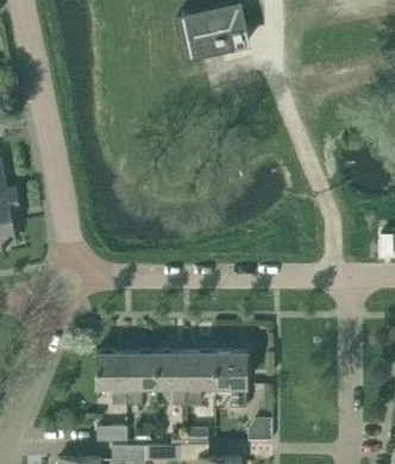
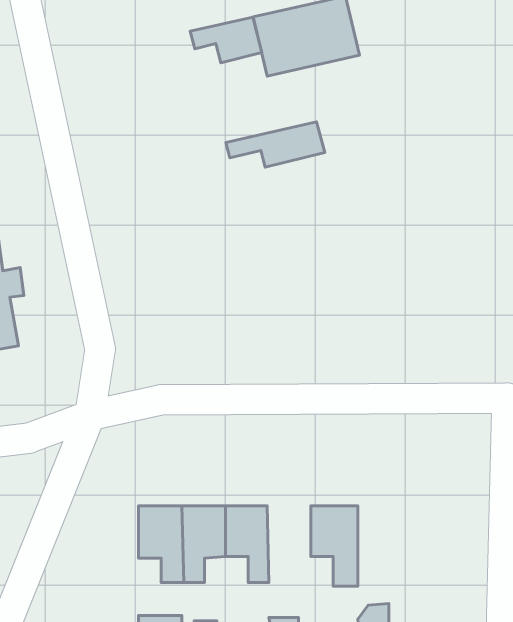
building: none -> [190,17,262,63]
building: none -> [226,122,325,167]
building: [186,352,215,405] -> none

